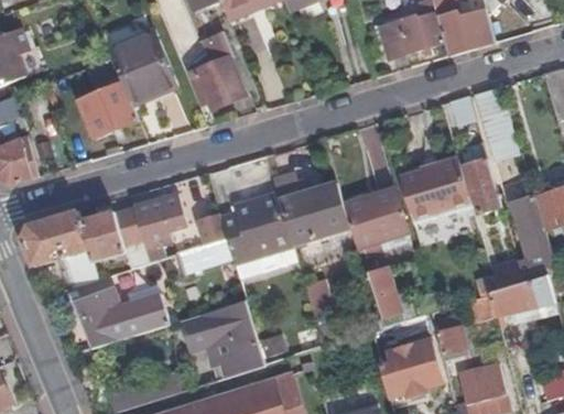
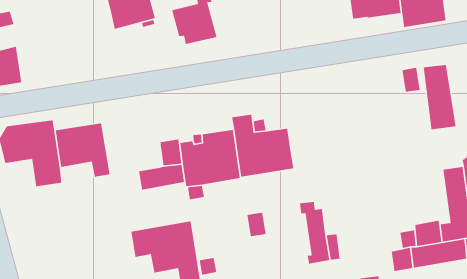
building: [78,81,138,138] -> none
building: [462,142,501,214] -> none
building: [399,156,471,225] -> none
building: [343,189,406,257] -> none
building: [131,193,187,262] -> none
building: [73,288,170,348] -> none

